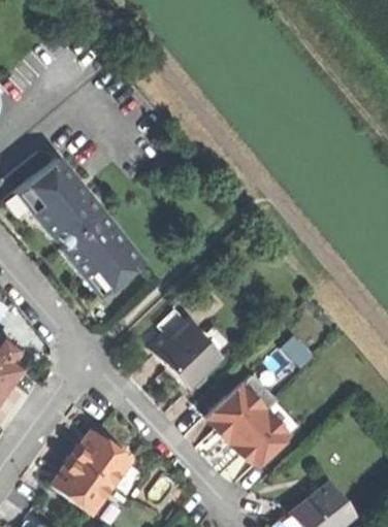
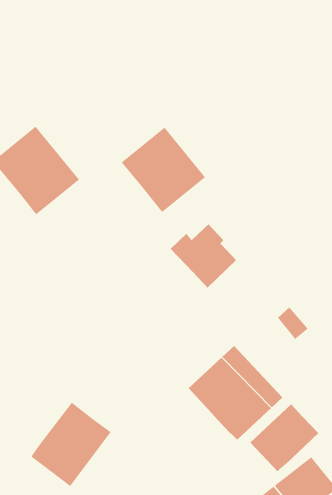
building: [59,211,142,296] -> [121,127,206,213]
building: [153,323,219,387] -> [170,223,237,289]
building: none -> [249,404,319,472]

